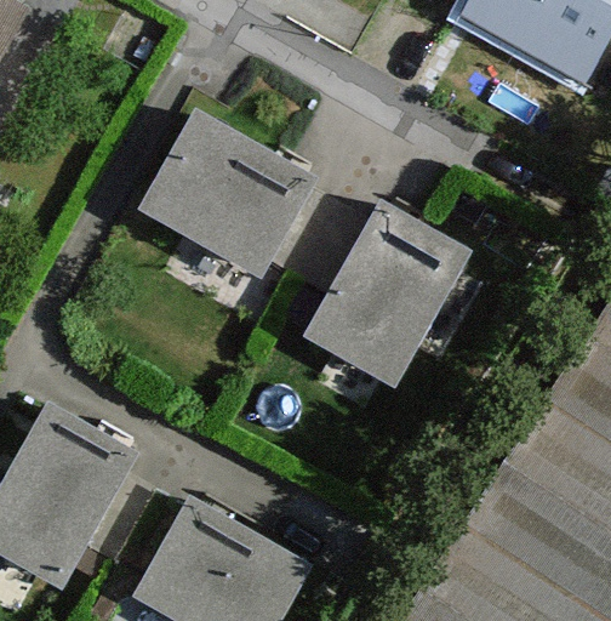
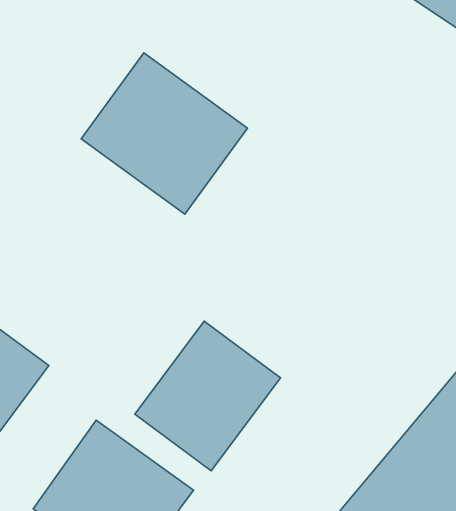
building: [308,201,470,384] -> none
building: none -> [135,321,280,471]

